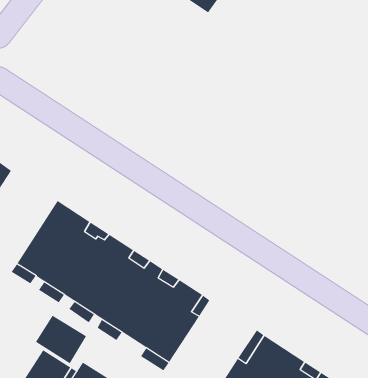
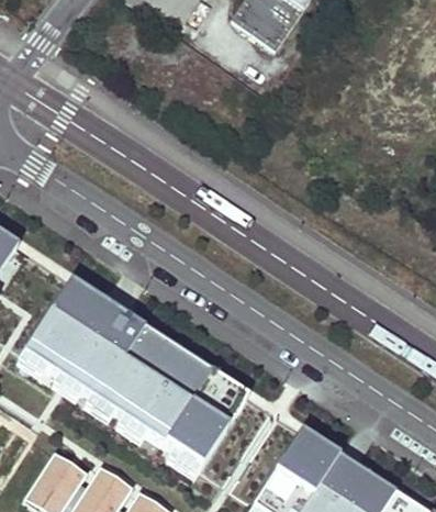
building: [35,315,87,364] -> none

